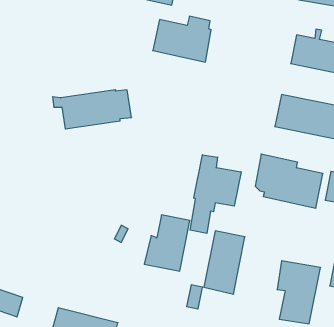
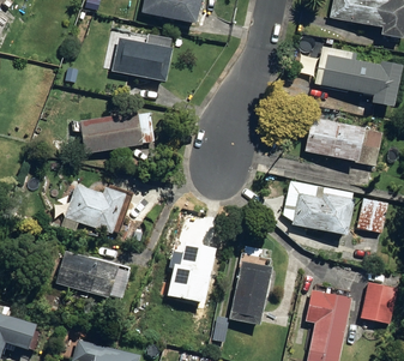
building: [153,16,211,62] -> [110,34,171,82]
building: [190,155,241,233] -> none
building: none -> [60,183,125,233]
building: none -> [55,249,117,297]

